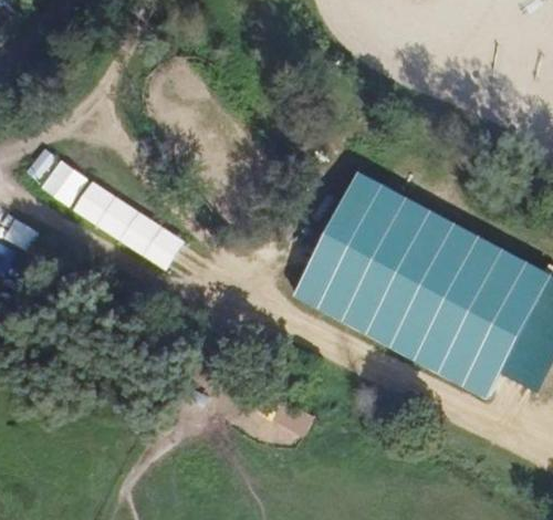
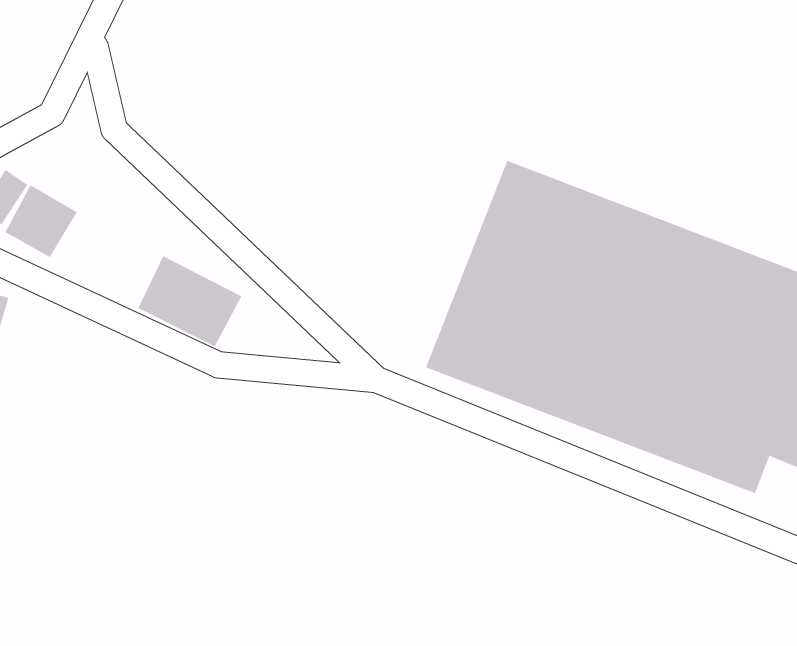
building: [71,180,134,239] -> none

